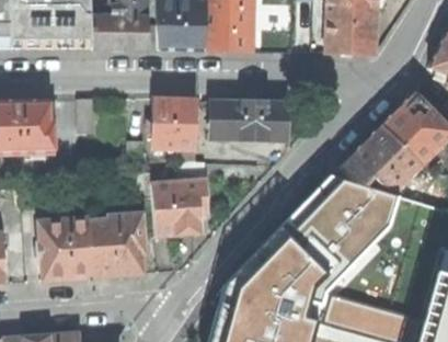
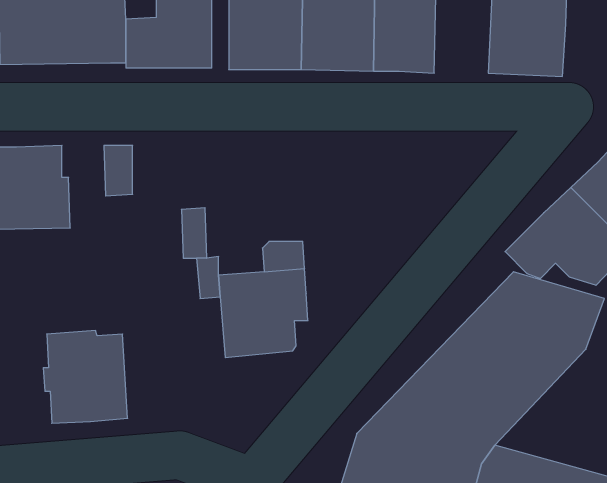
building: [152,98,197,148] -> none
building: [209,99,286,140] -> none
building: [88,214,143,276] -> none

